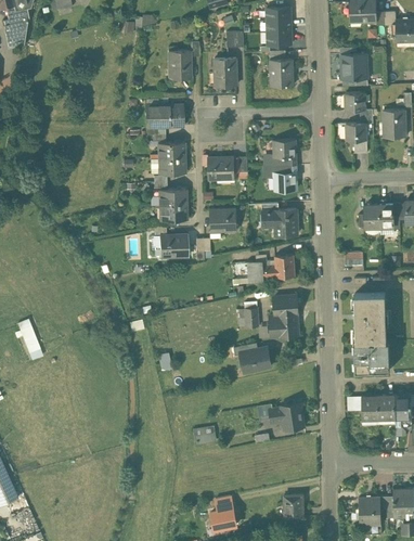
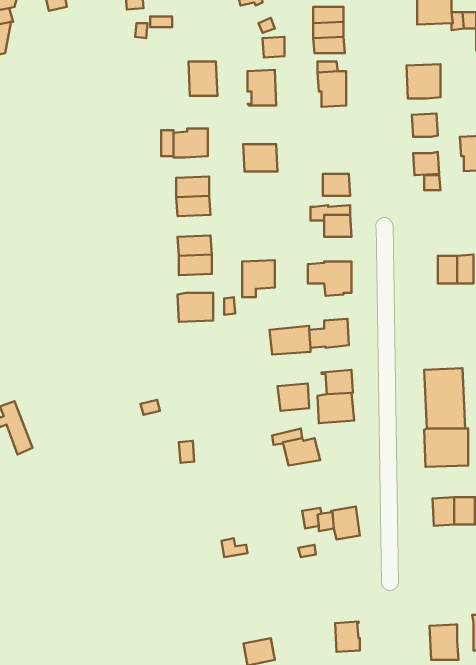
building: [208,157,235,179] -> [243,144,277,172]

